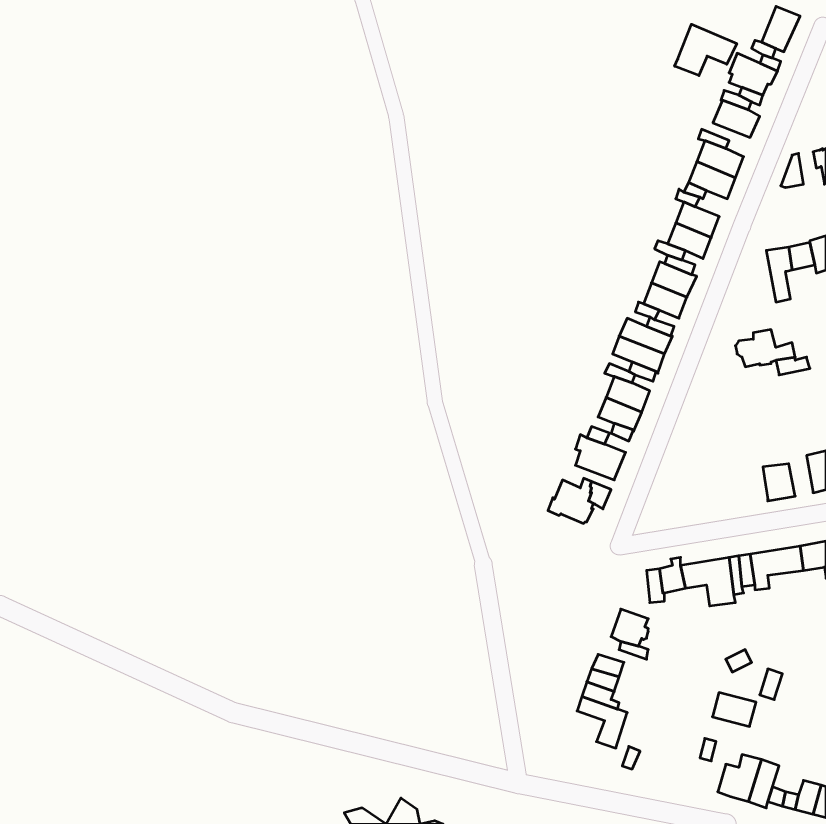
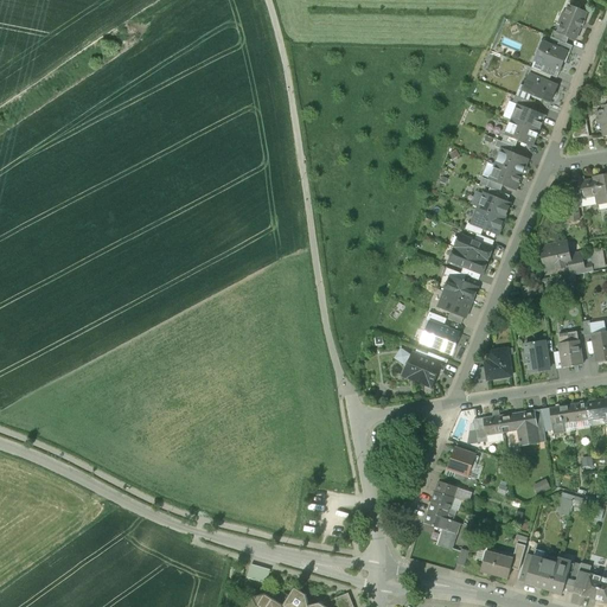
building: [675,24,737,76] -> none
building: none -> [524,340,549,371]
building: none -> [486,347,512,378]
building: [712,693,756,726] -> [481,551,513,576]

